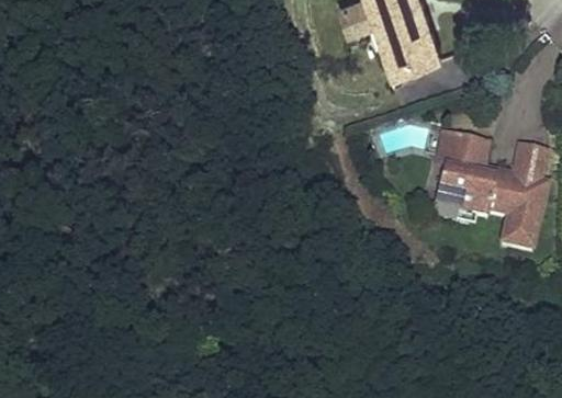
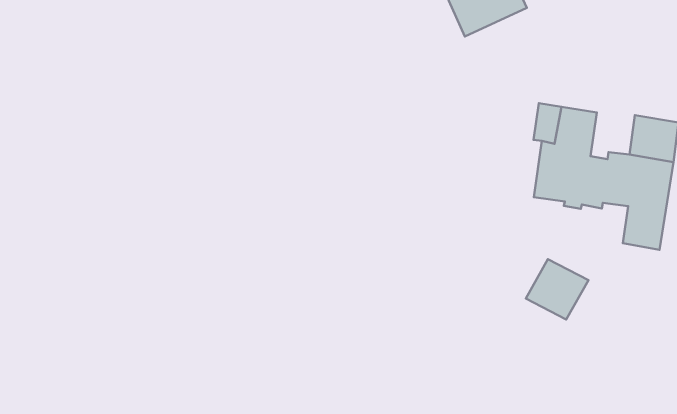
building: none -> [526,259,588,319]

